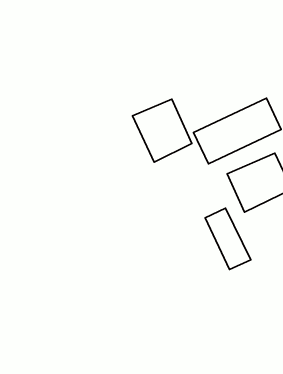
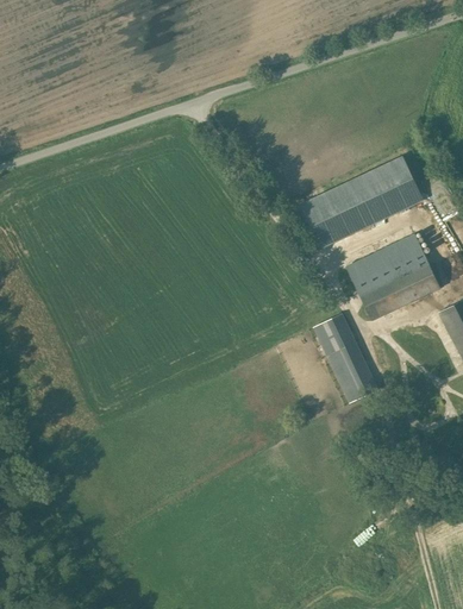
building: [133,99,192,162] -> none

